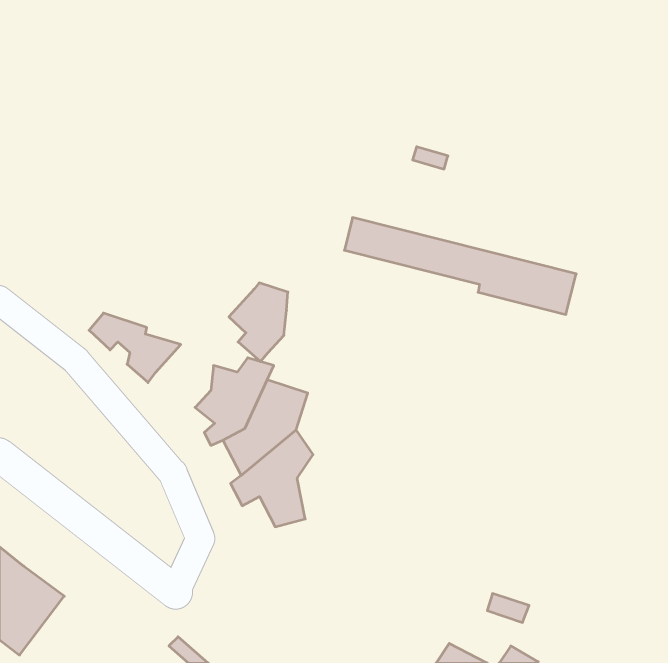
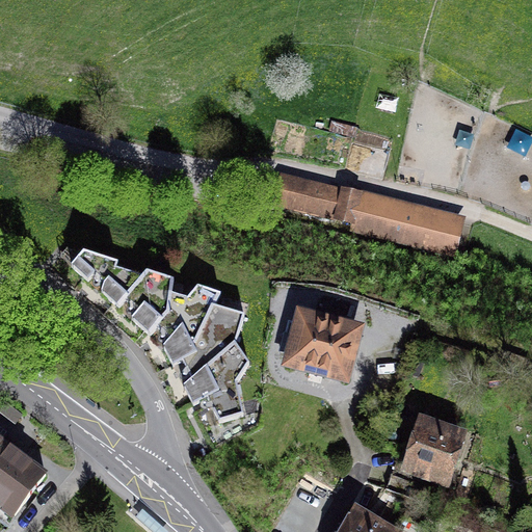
building: [229,283,288,362] -> [124,268,170,330]
building: none -> [281,314,356,373]
building: none -> [406,420,458,477]

